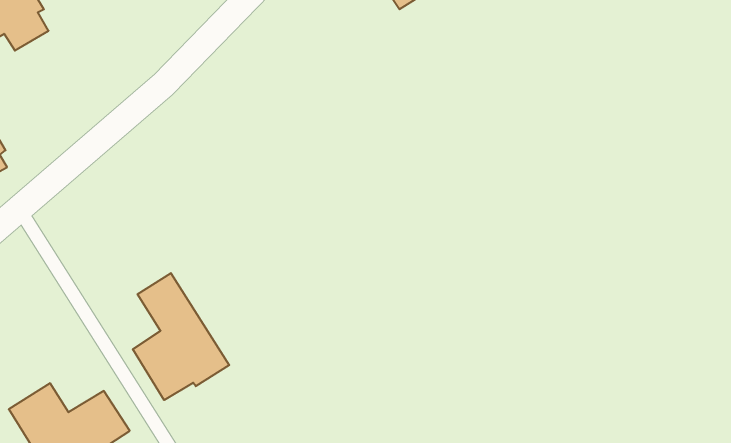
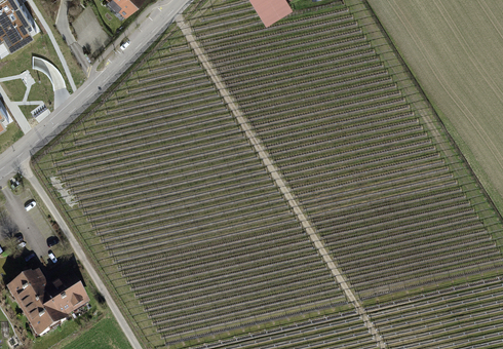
building: [133,273,229,400] -> none

